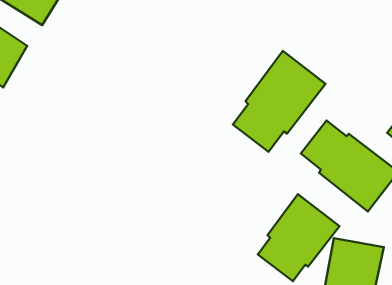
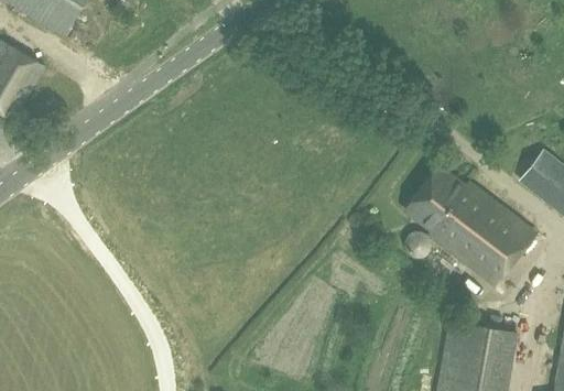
building: [233,51,326,152] -> none
building: [258,194,340,281] -> none

